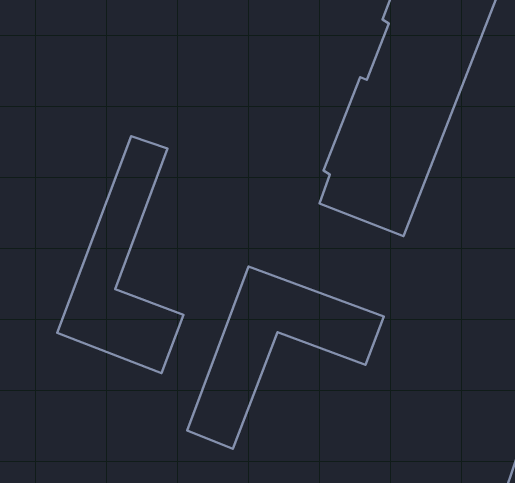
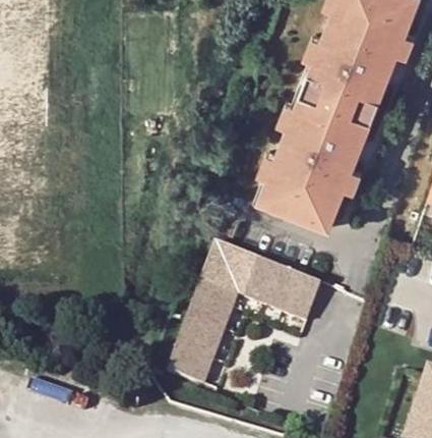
building: [57,136,183,373] -> none

